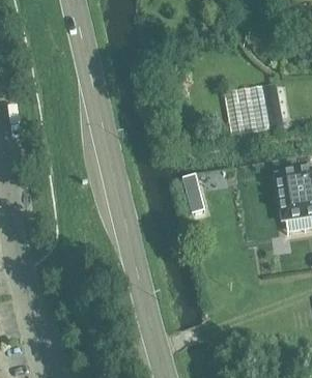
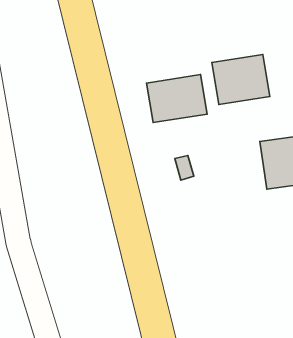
building: none -> [147,75,207,123]

